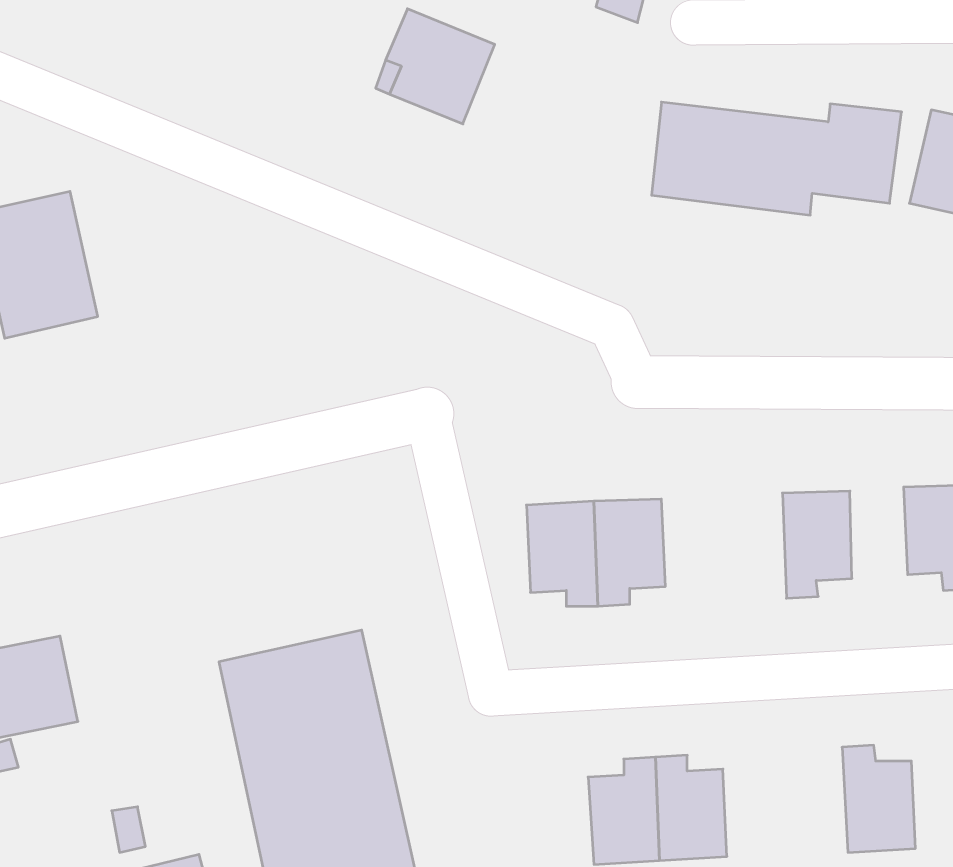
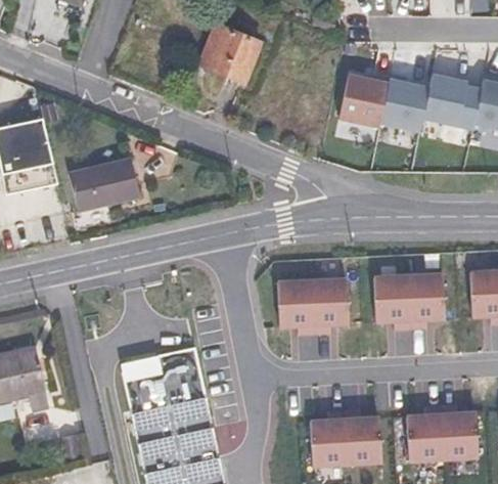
building: none -> [69,160,140,212]
building: none -> [374,274,411,328]
building: none -> [406,405,443,461]

